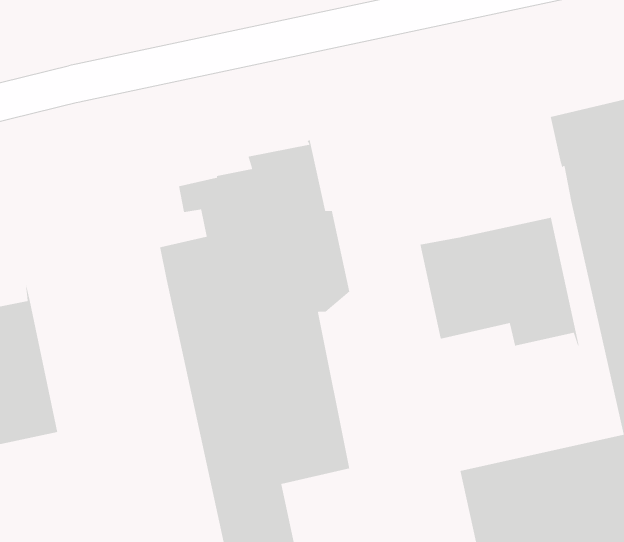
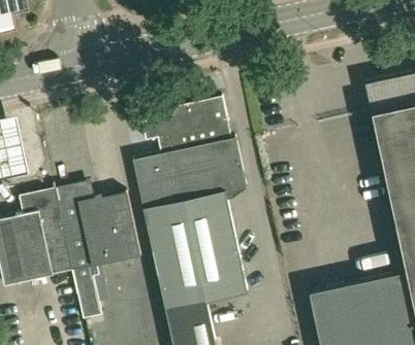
building: [419,217,579,347] -> none
building: none -> [57,184,141,326]

